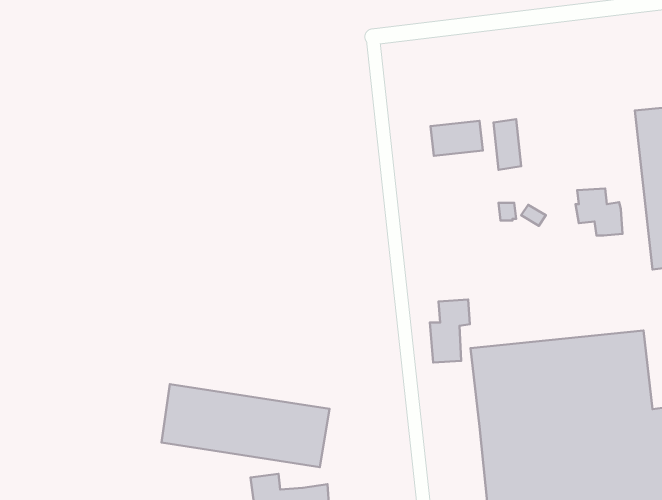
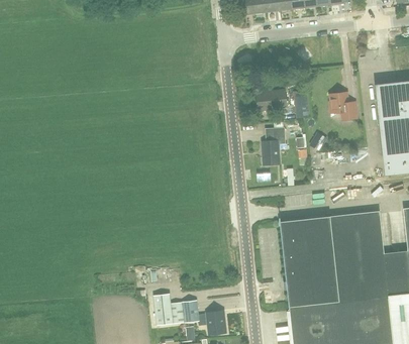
building: [575,188,623,236] -> [329,92,356,119]
building: [430,300,470,363] -> [262,128,285,164]
building: [162,384,330,467] -> none

